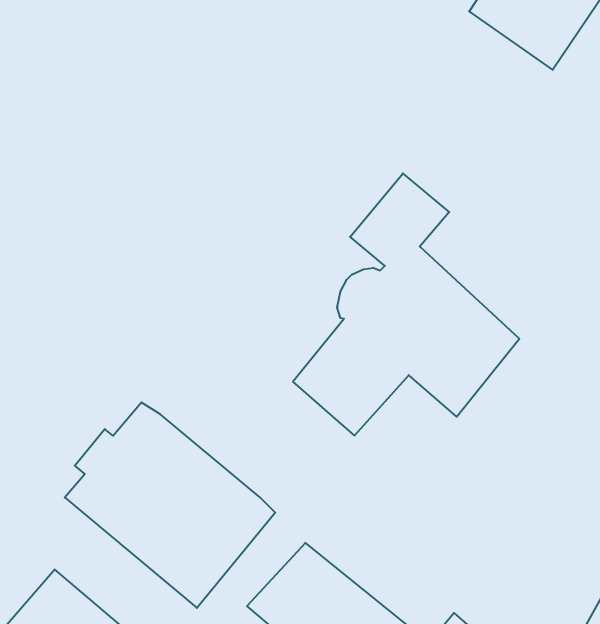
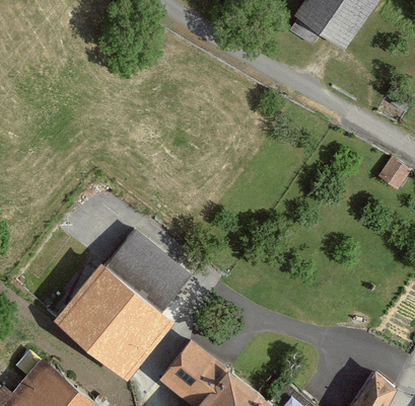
building: [293,173,519,436] -> none
building: none -> [105,227,194,312]

